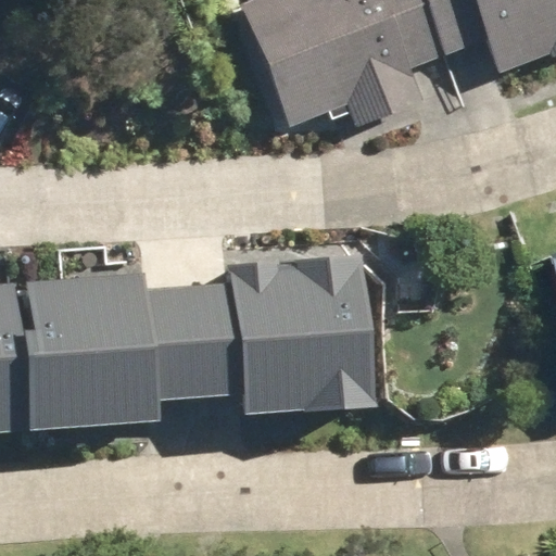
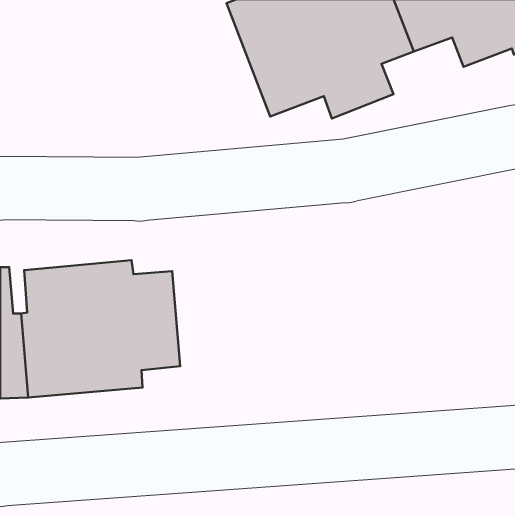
building: [187,261,371,409] -> none

